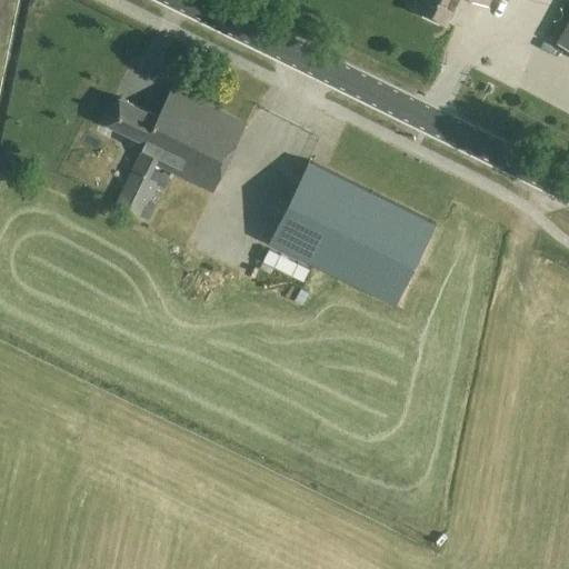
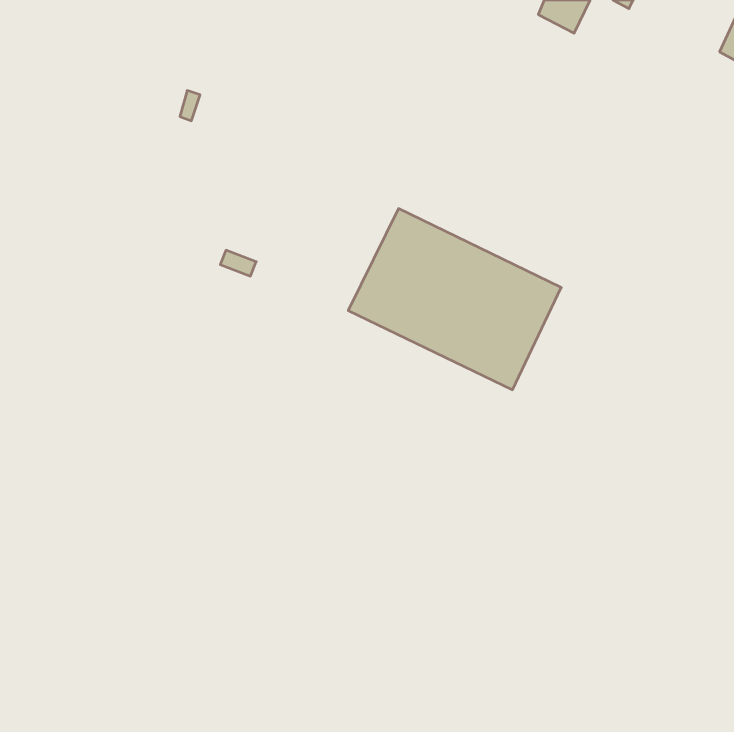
building: [108,89,244,216] -> none

